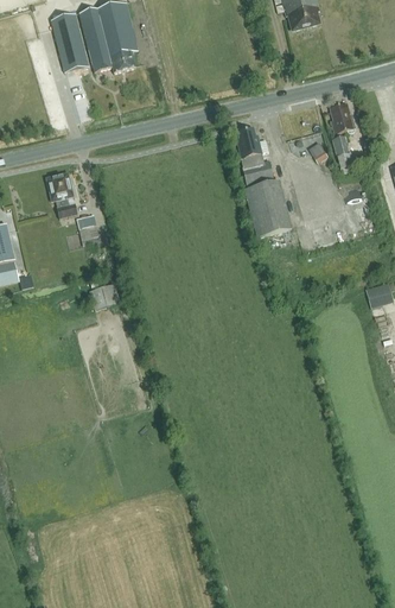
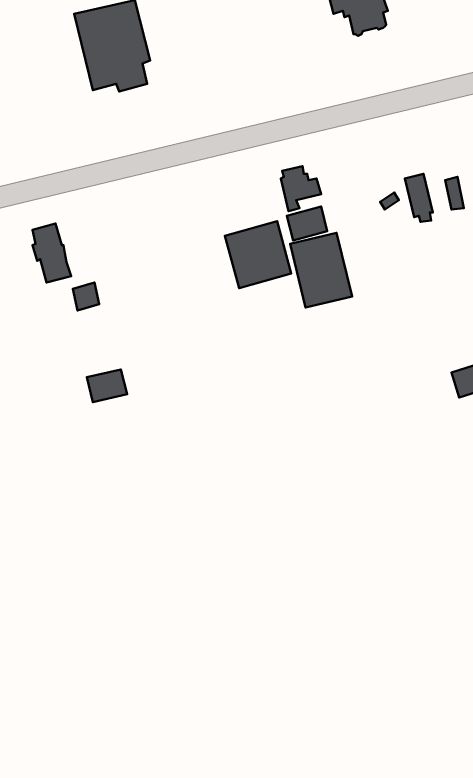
building: [50,13,88,71] -> none
building: [329,102,355,132] -> none
building: none -> [225,221,291,288]

